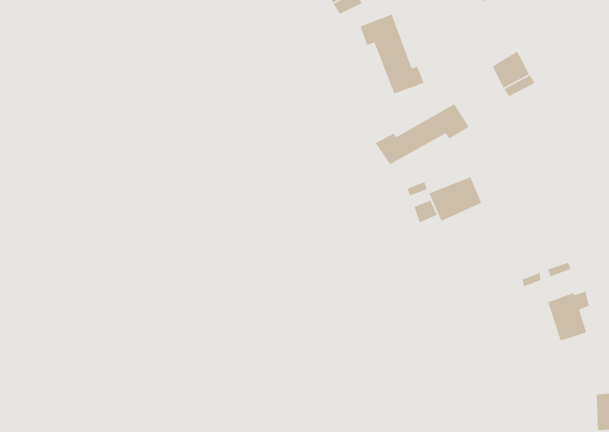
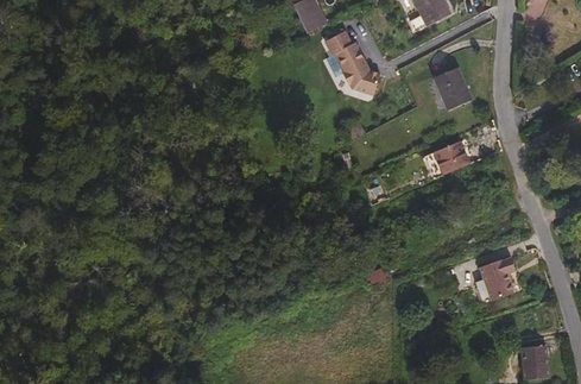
building: [374,103,470,165] -> none
building: [428,176,482,222] -> [427,140,472,178]

